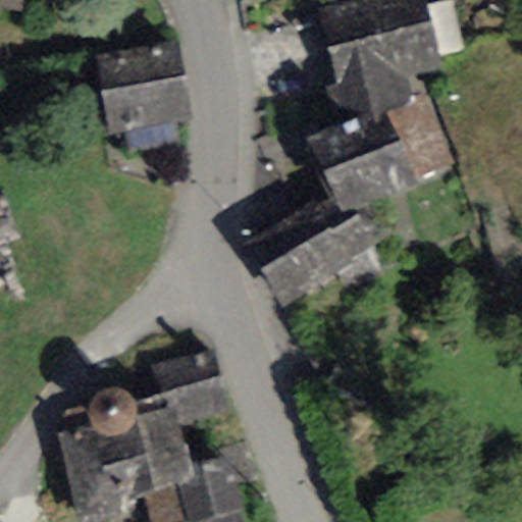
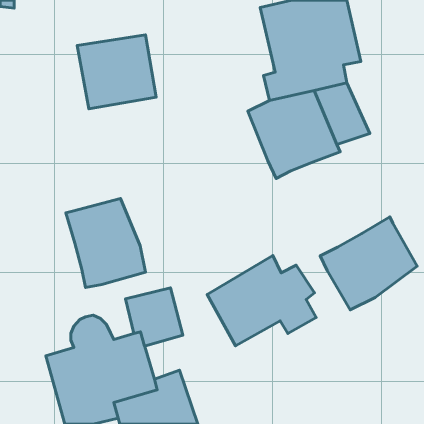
building: [249,198,382,309] -> [207,255,316,346]
building: none -> [66,199,146,288]
building: none -> [320,217,417,310]

